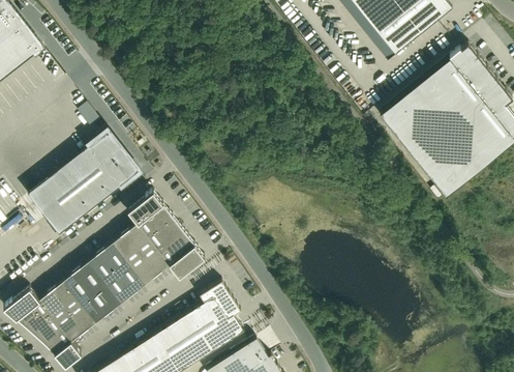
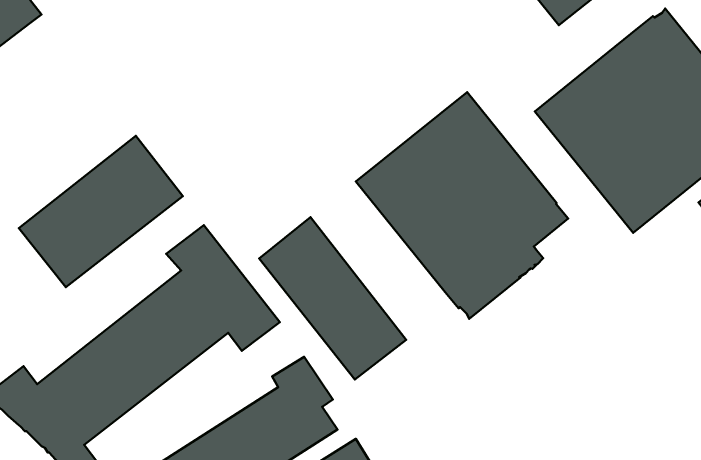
building: none -> [356,92,568,319]
building: none -> [259,217,406,379]

